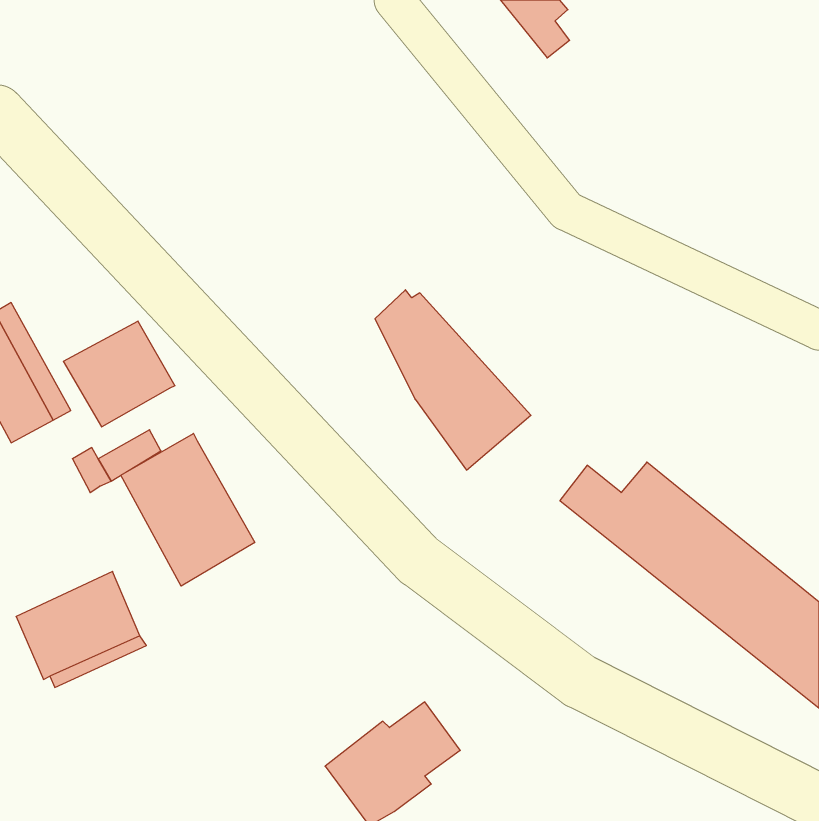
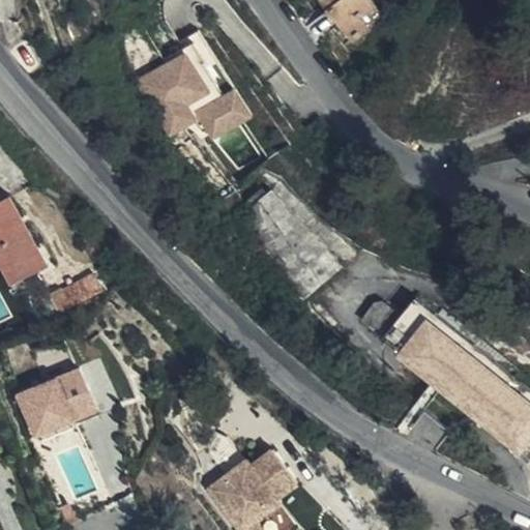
building: none -> [132,41,254,140]
building: [63,321,175,427] -> none
building: [121,433,255,586] -> none

